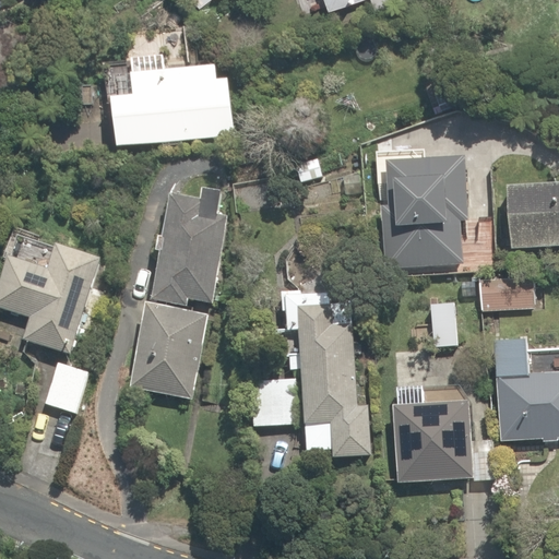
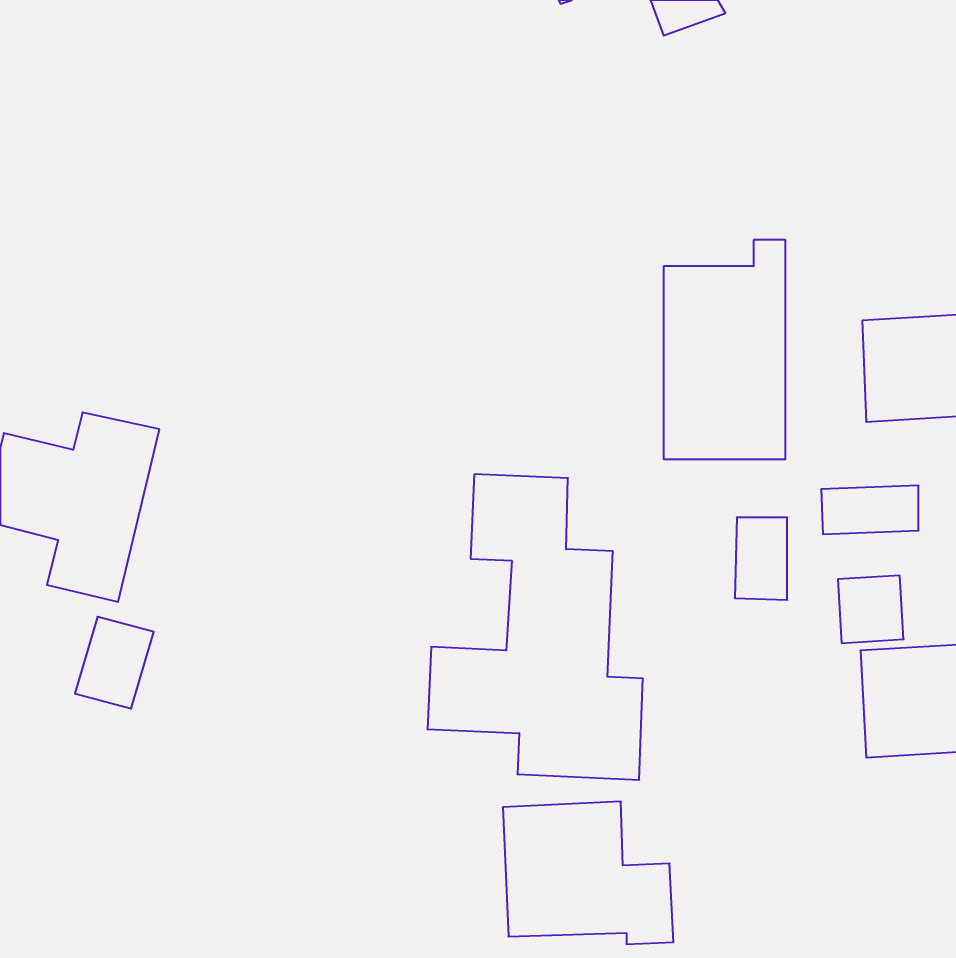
building: [107,63,238,144] -> none
building: [152,193,227,302] -> none
building: [127,305,206,400] -> none
building: [394,402,493,485] -> [503,802,673,944]

